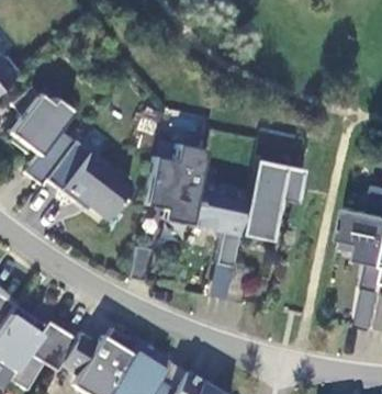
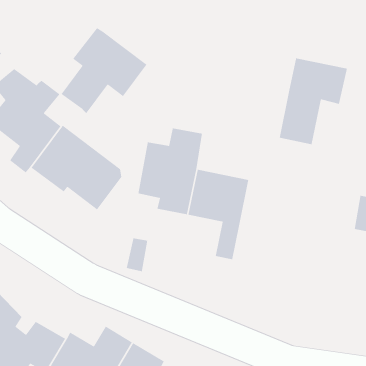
building: none -> [60,27,147,114]
building: [237,160,301,241] -> [279,57,348,145]

